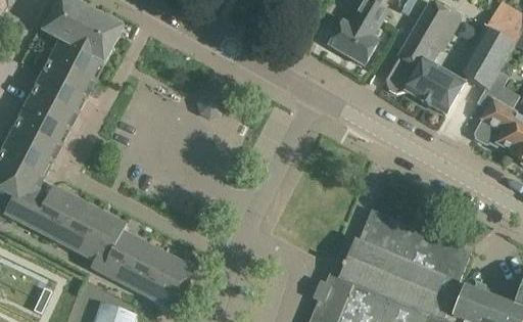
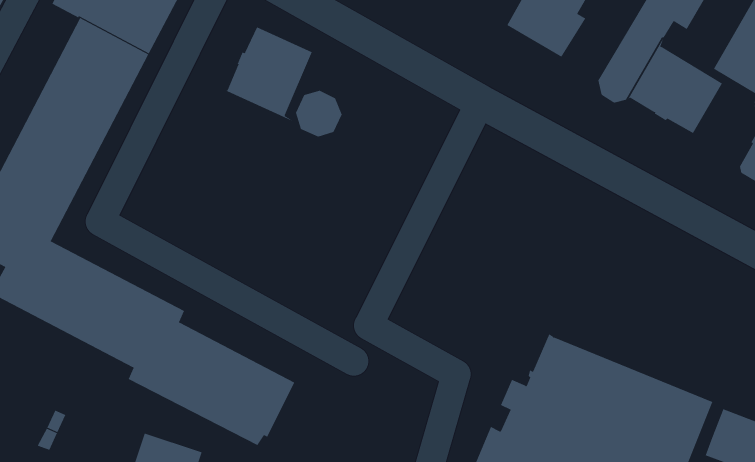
building: none -> [223,26,313,121]
building: [358,209,471,281] -> none

